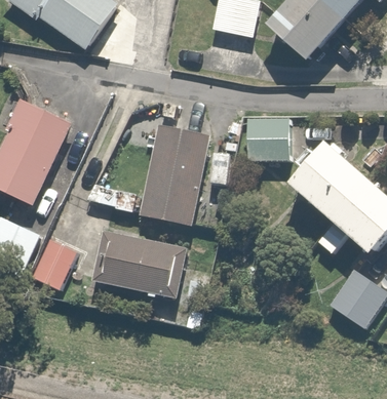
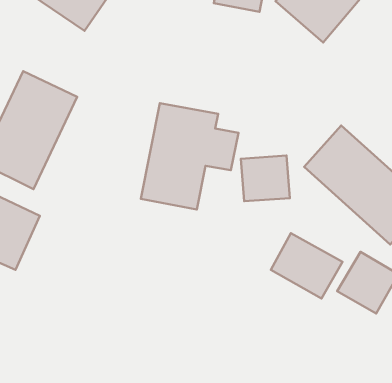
building: [242,117,289,161] -> [241,156,290,201]
building: [90,233,186,297] -> none
building: [35,240,80,288] -> none
building: none -> [271,233,342,299]

